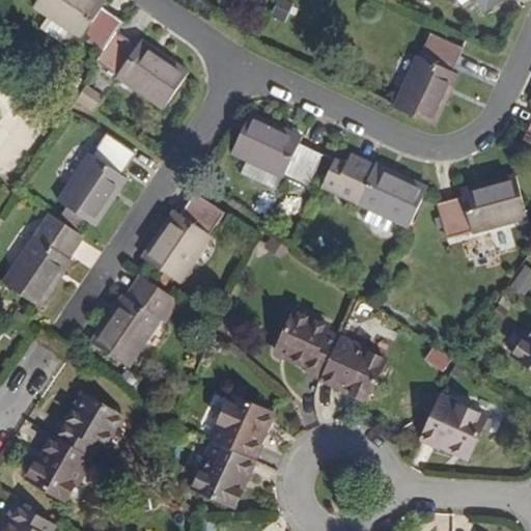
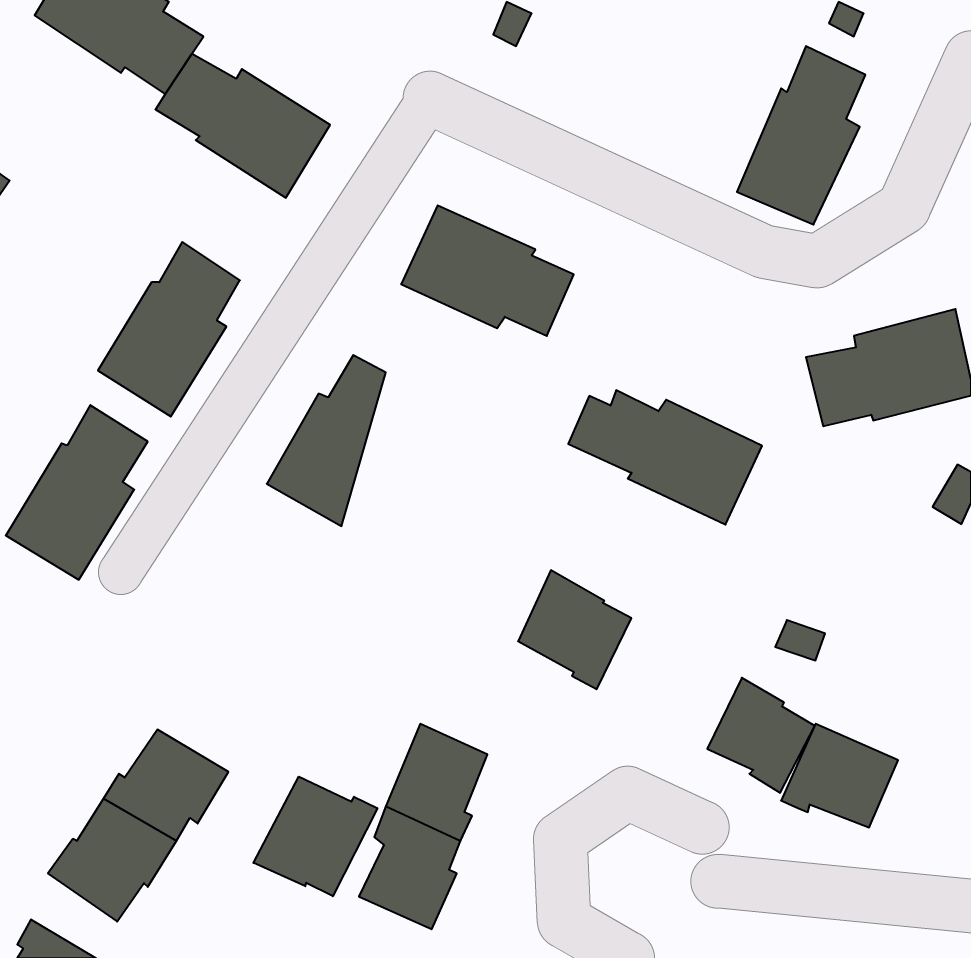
building: [310,151,415,224] -> [568,390,762,525]
building: [100,281,176,372] -> none
building: [323,334,381,396] -> [707,678,815,793]
building: none -> [253,777,377,896]

